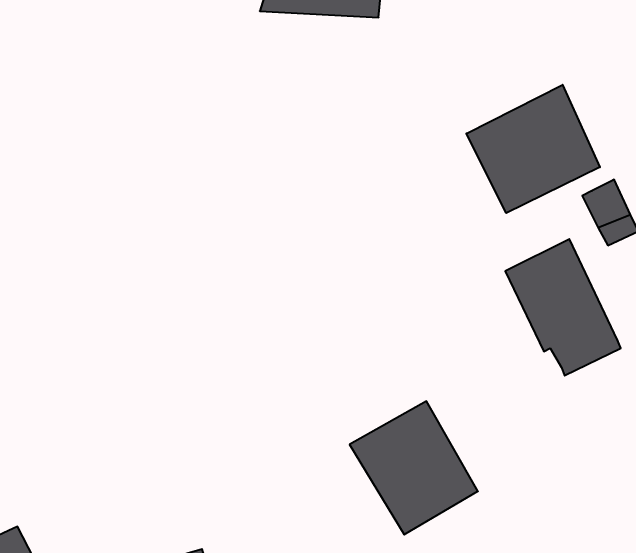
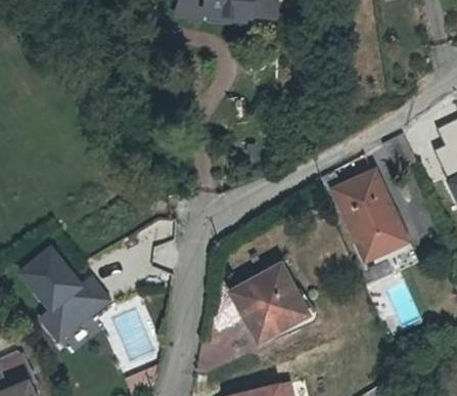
building: [466,85,600,213] -> none
building: none -> [21,244,109,335]

